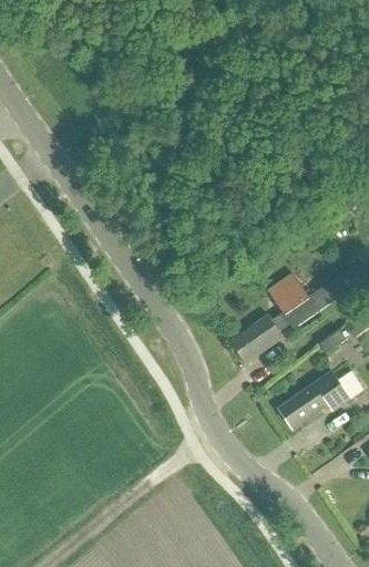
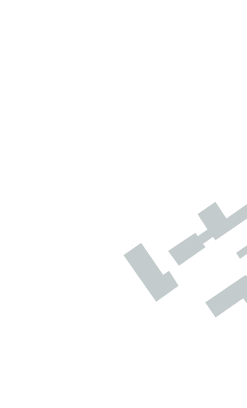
building: none -> [123,242,179,303]

